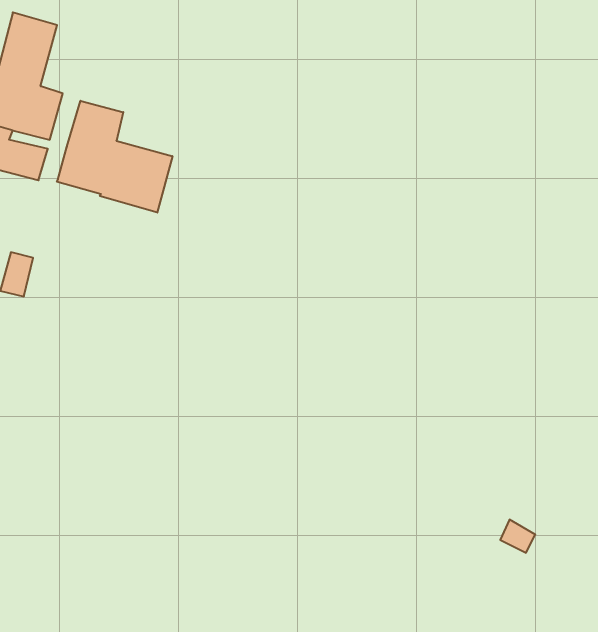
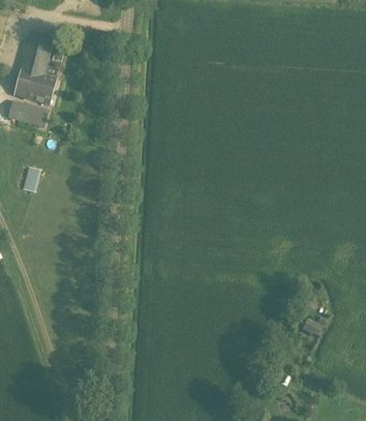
building: [57,101,172,213] -> none

